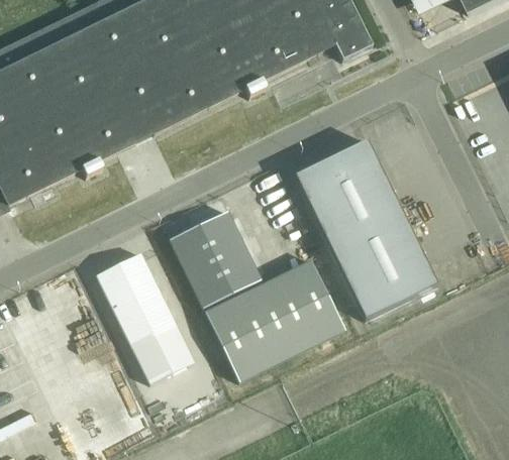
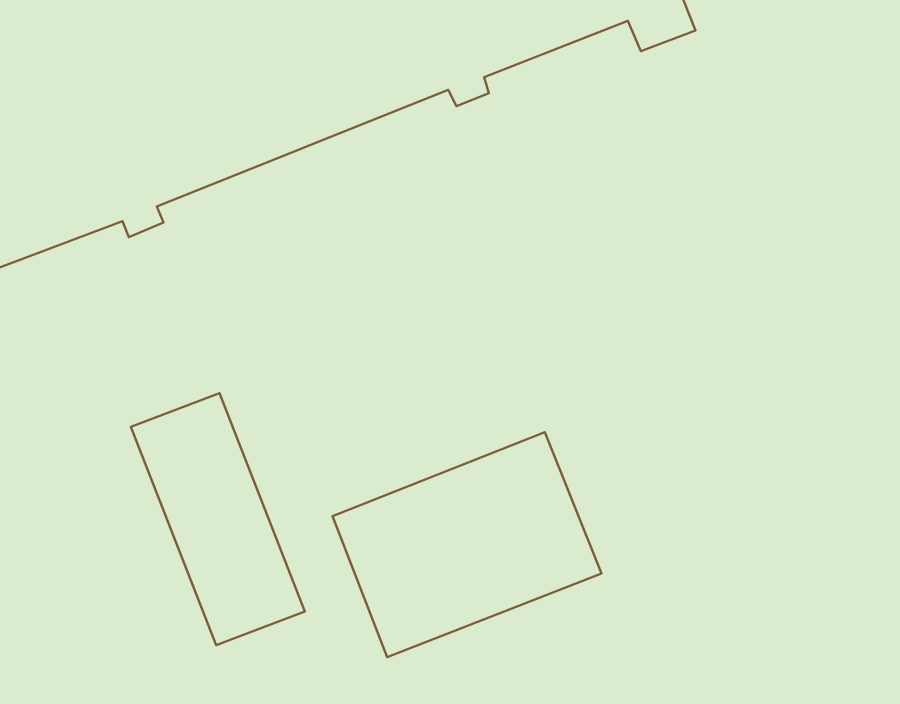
building: [295,139,438,320] -> none
building: [170,211,262,308] -> none

